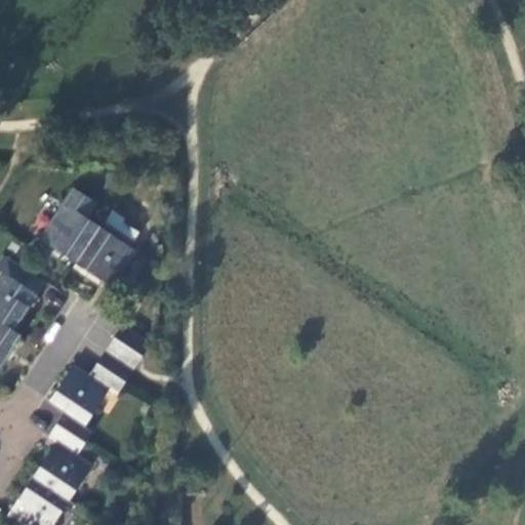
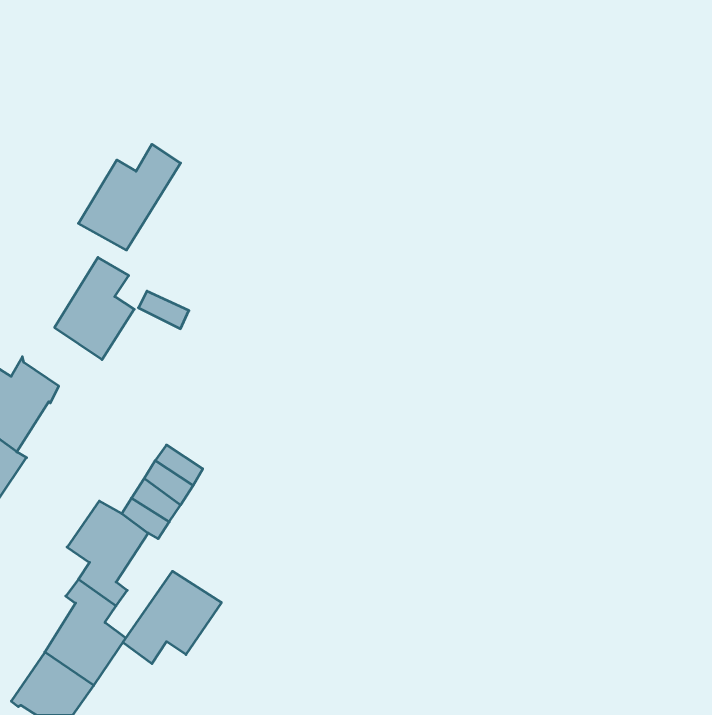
building: none -> [78,144,181,250]
building: [75,227,134,287] -> none
building: none -> [123,571,221,664]

